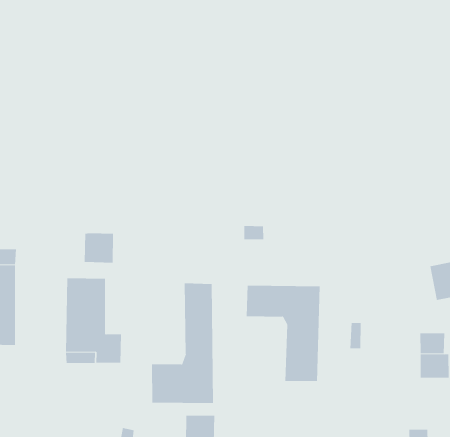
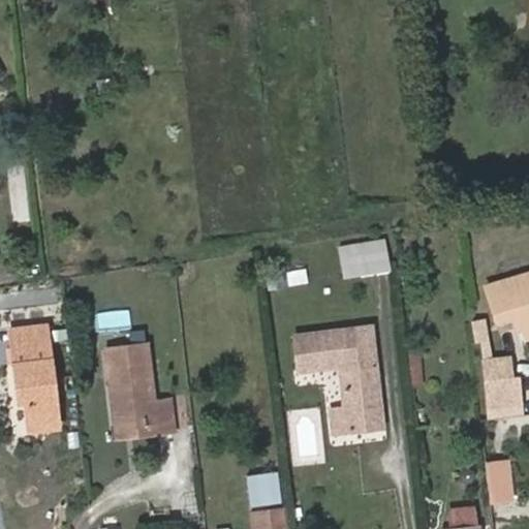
building: none -> [340,246,387,278]
building: [84,233,114,264] -> none
building: [151,283,214,404] -> none

